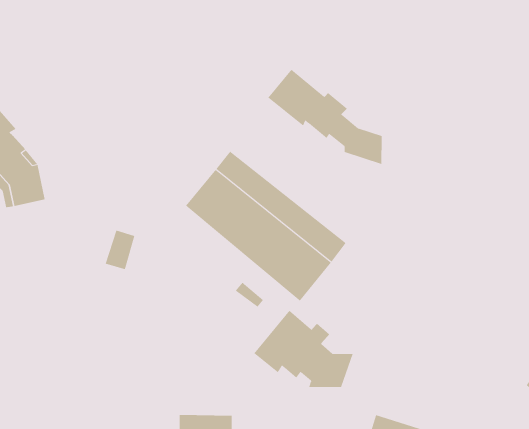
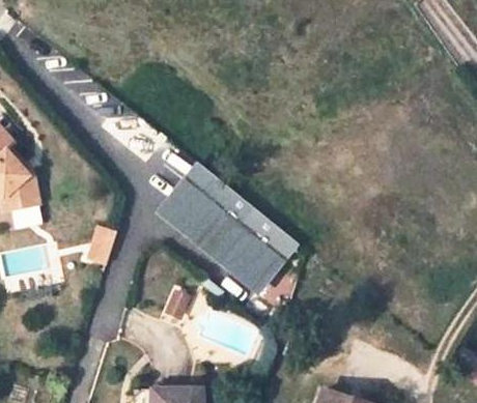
building: [268,69,382,165] -> none
building: [254,310,353,388] -> none

